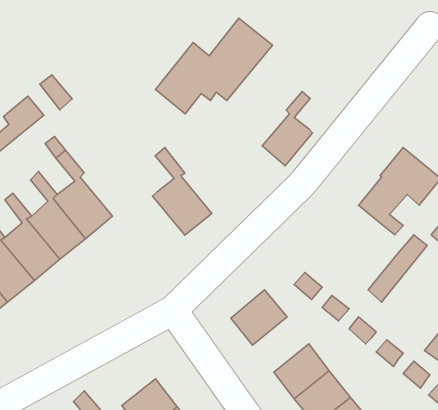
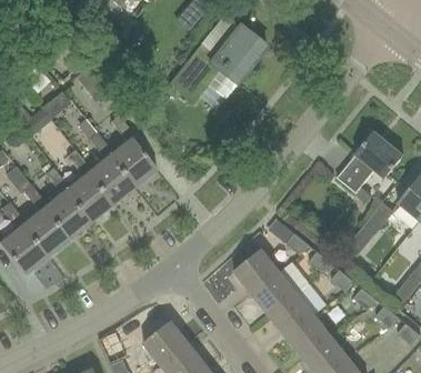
building: [262,91,313,166] -> none
building: [153,148,212,235] -> [108,114,157,186]
building: none -> [250,270,297,315]

